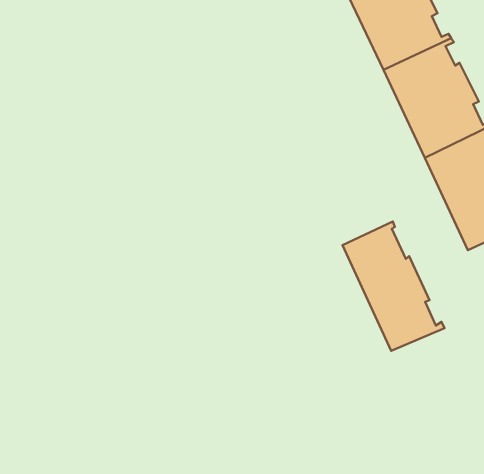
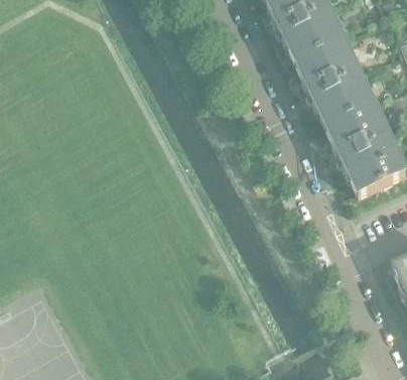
building: [342,222,444,351] -> none

